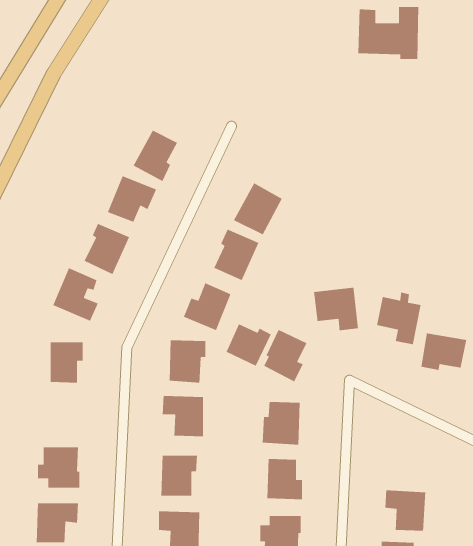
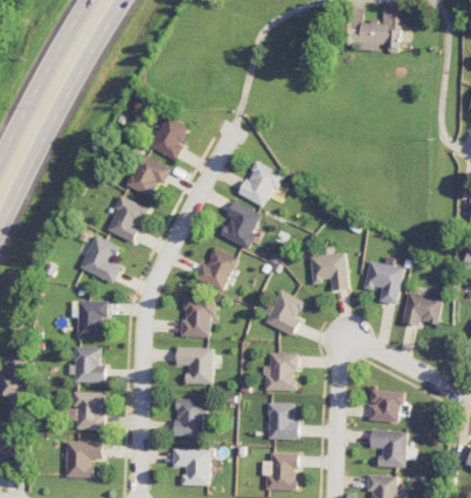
building: [226,323,272,367] -> none
building: none -> [69,346,106,383]
building: none -> [368,389,403,422]

